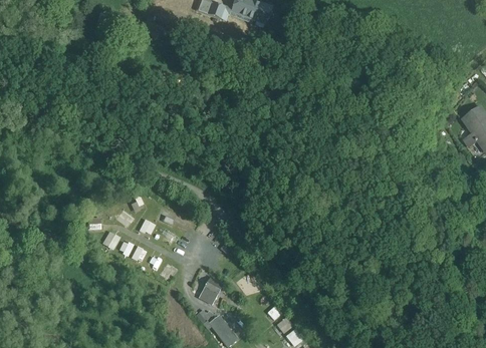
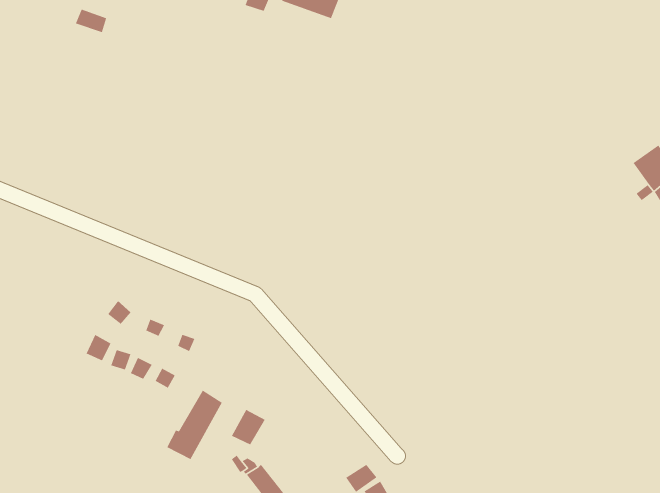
building: none -> [166,389,223,460]

